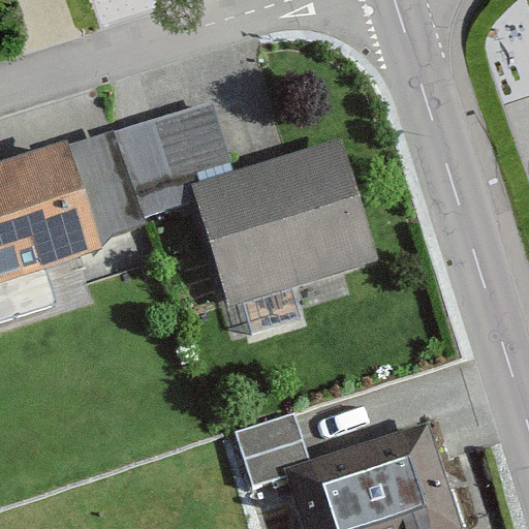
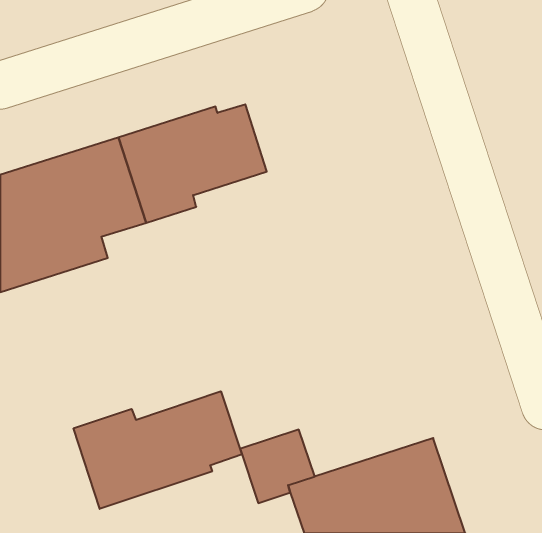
building: [190,141,376,302] -> none
building: none -> [74,391,242,509]

